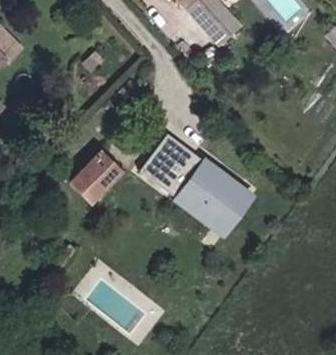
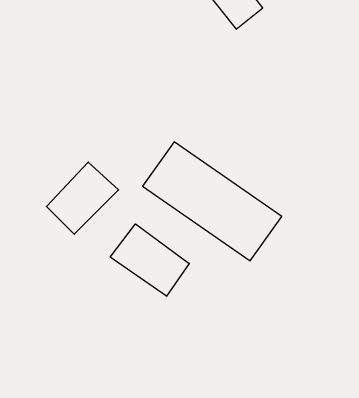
building: none -> [110,224,189,296]

